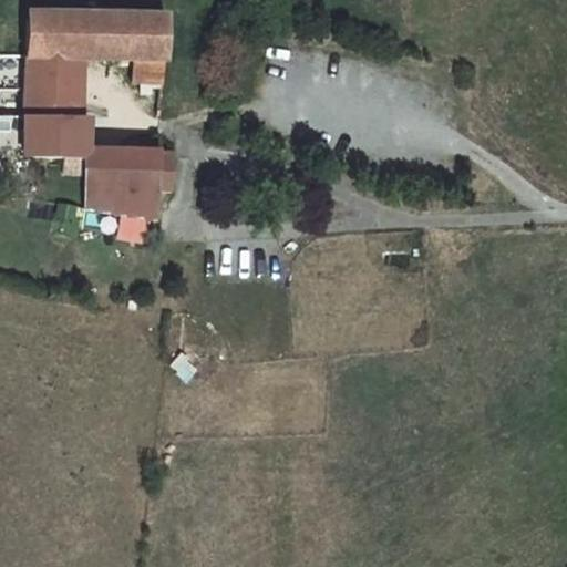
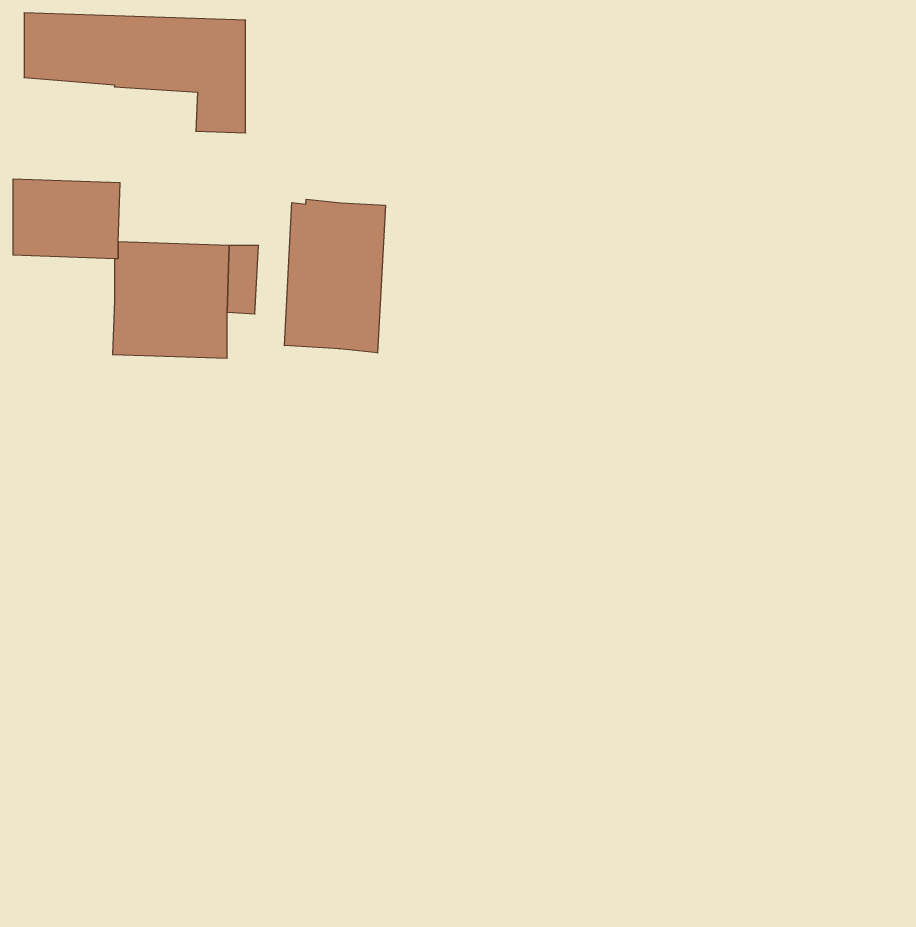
building: [24,47,91,110] -> none
building: none -> [284,199,385,353]

